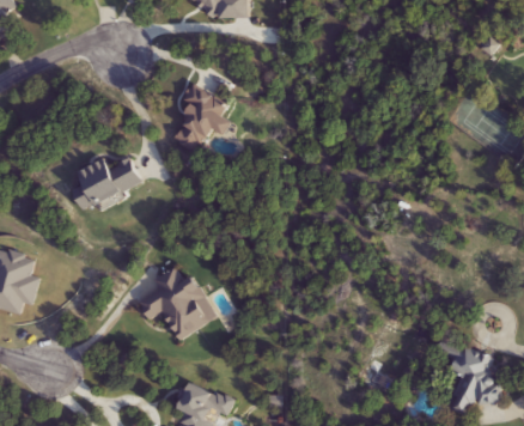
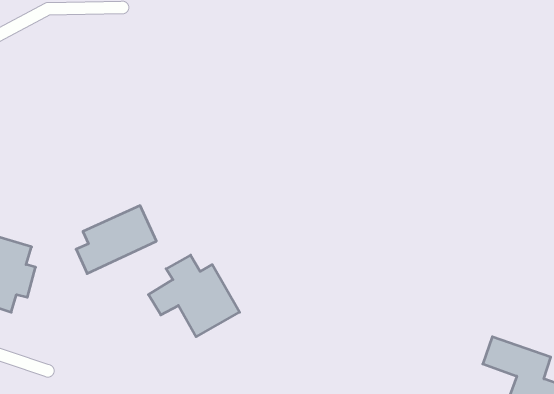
building: [177,83,225,146] -> none
building: [72,150,142,209] -> [76,206,156,274]

